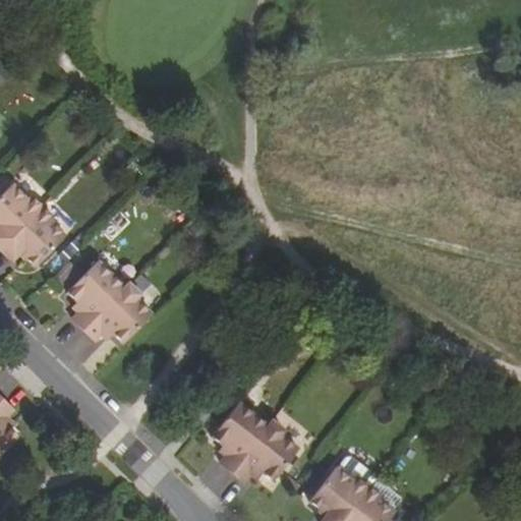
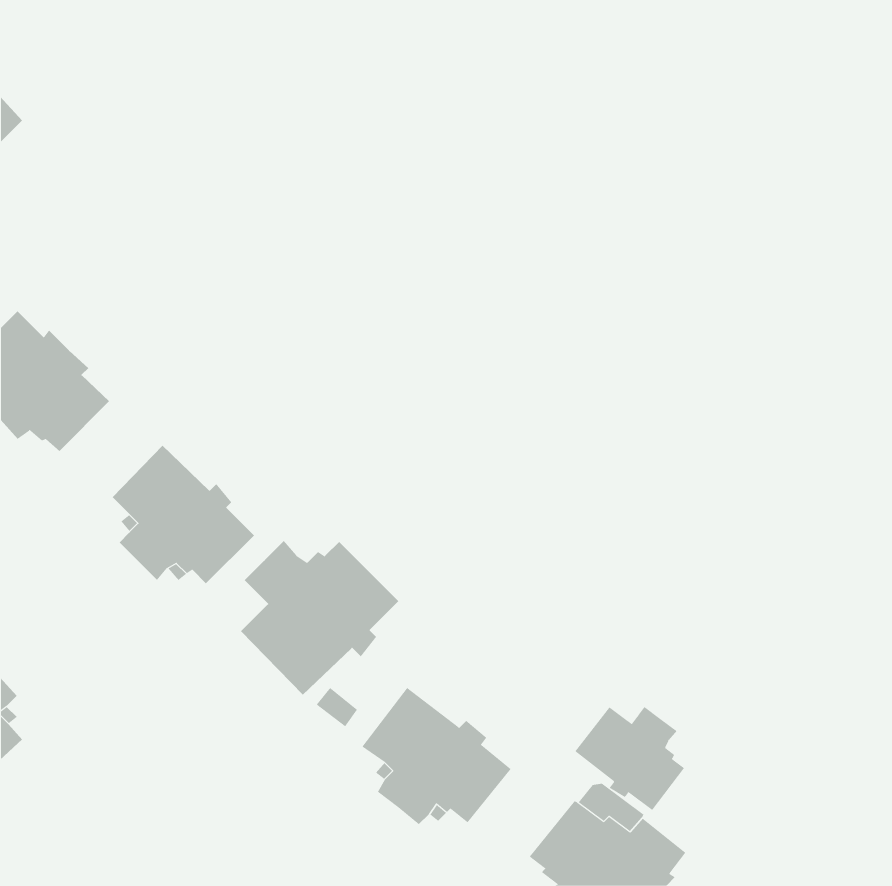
building: none -> [240,540,399,695]
building: none -> [574,706,685,811]

